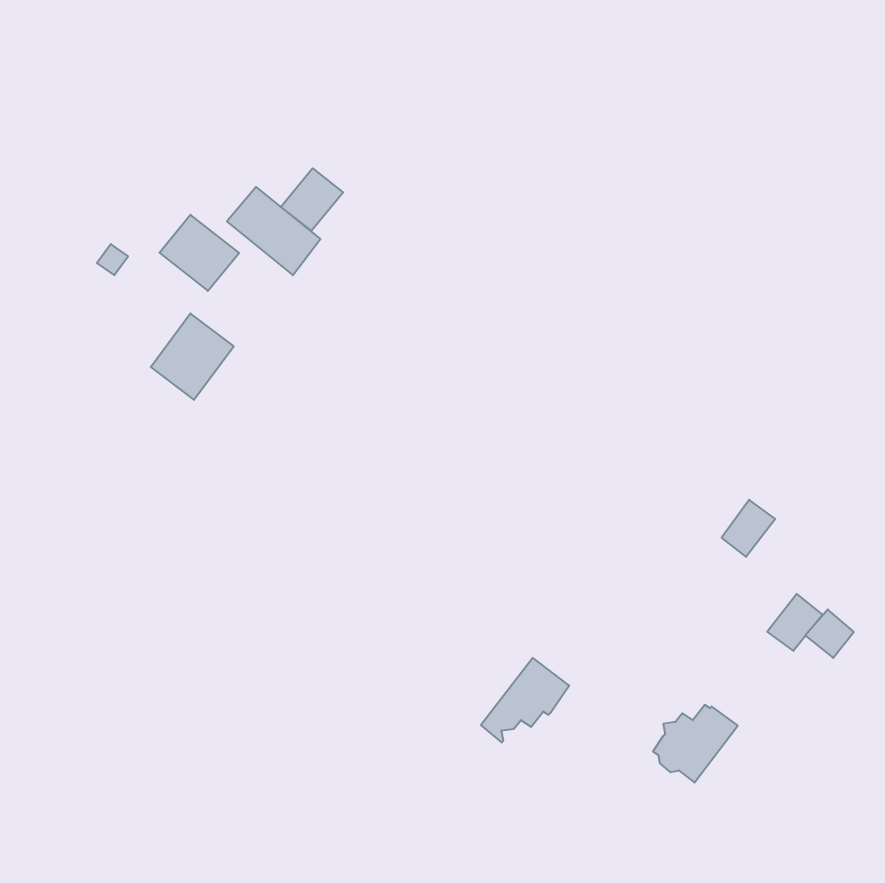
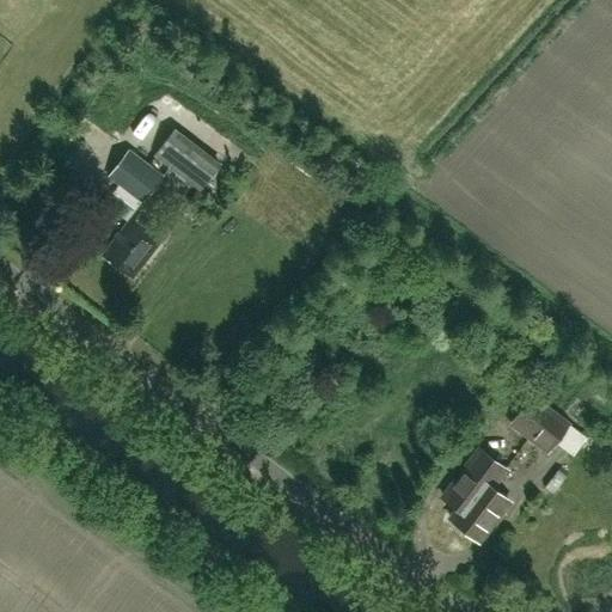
building: [281,168,343,231] -> none
building: [722,500,775,557] -> [513,398,550,437]
building: [481,658,569,743] -> [443,451,504,509]

